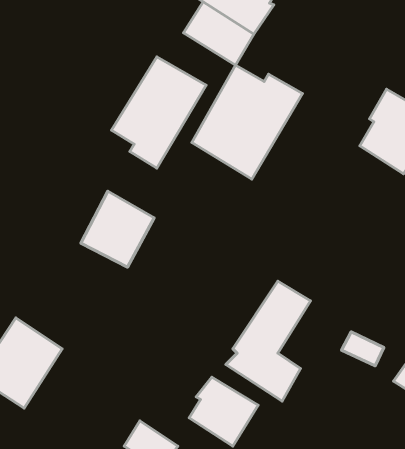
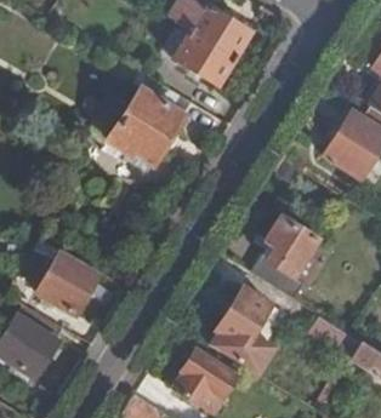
building: [192,65,303,179] -> none
building: [81,191,154,267] -> [35,251,98,316]
building: none -> [249,216,319,291]

